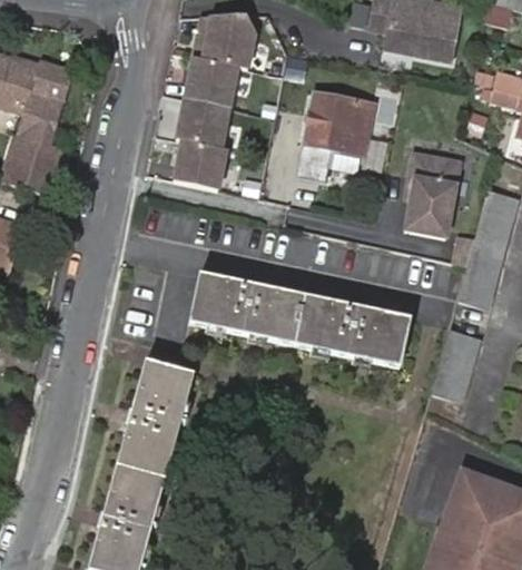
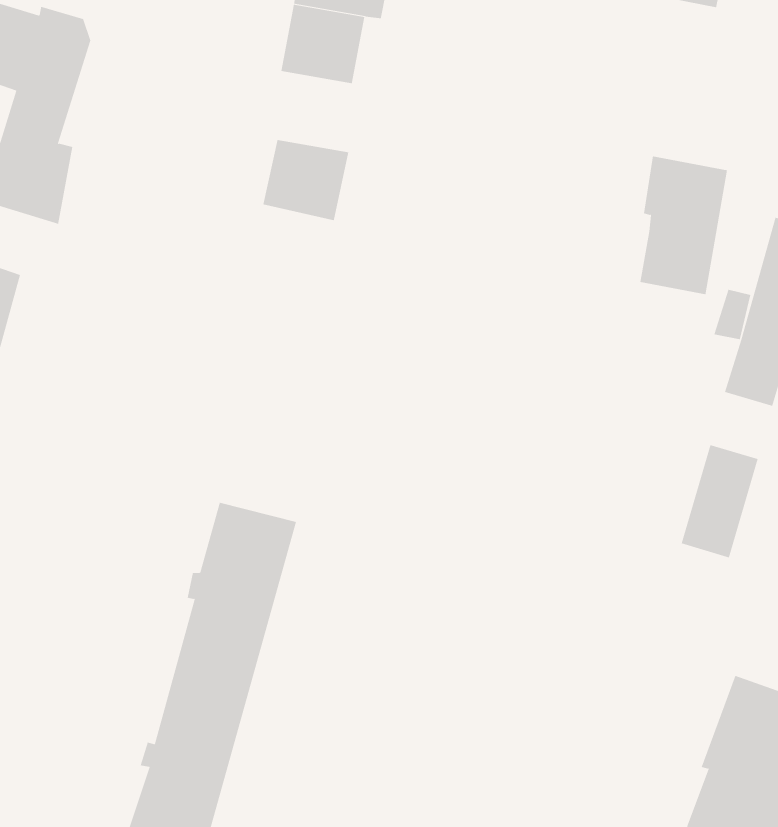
building: [294,91,371,178] -> none
building: [175,97,228,146] -> none
building: [188,274,411,367] -> none

